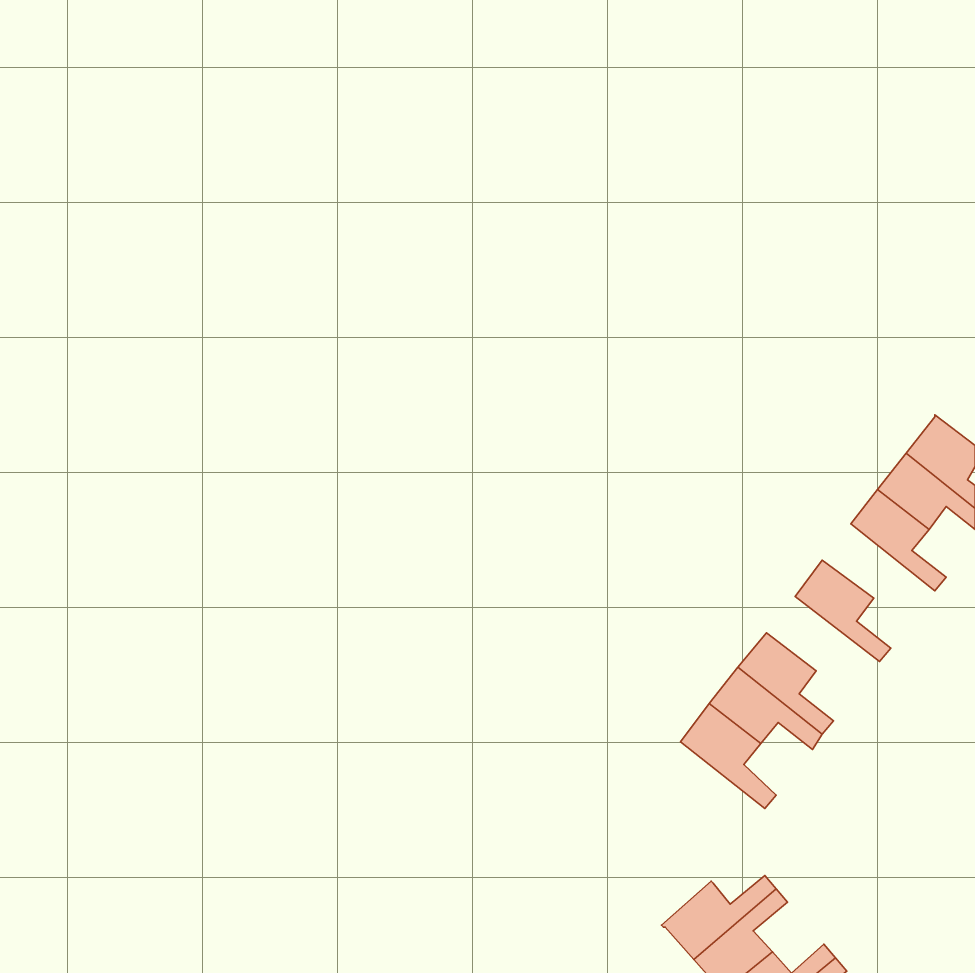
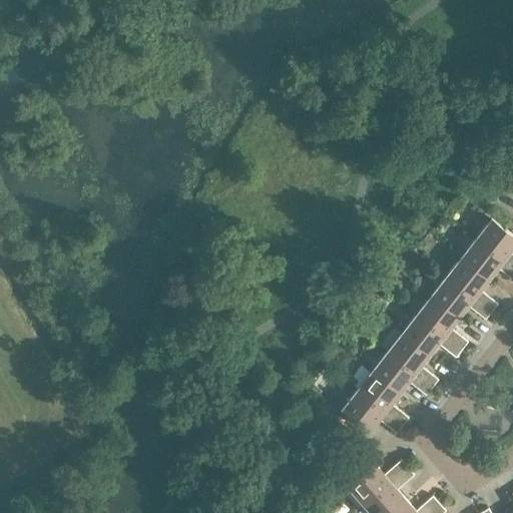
building: none -> [431,277,490,319]
building: none -> [402,315,461,357]
building: none -> [341,391,401,433]

